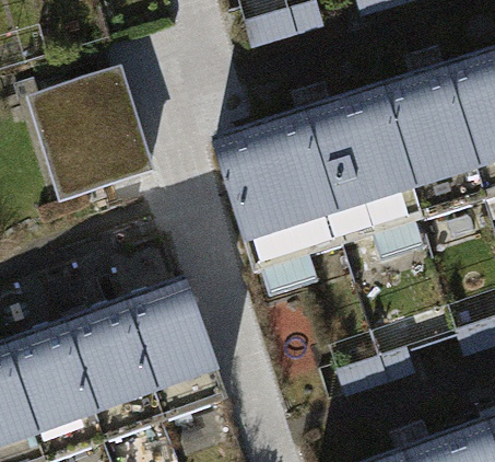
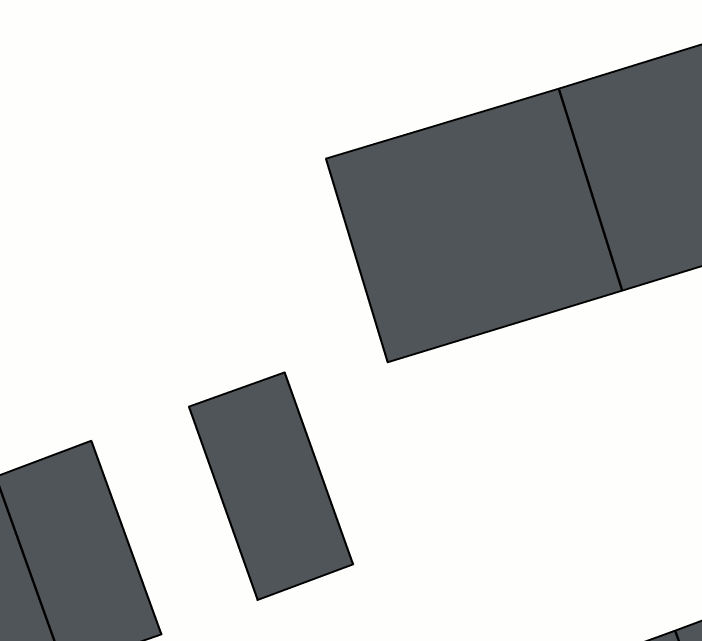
building: [27,63,154,196] -> none
building: [63,294,169,440] -> none

